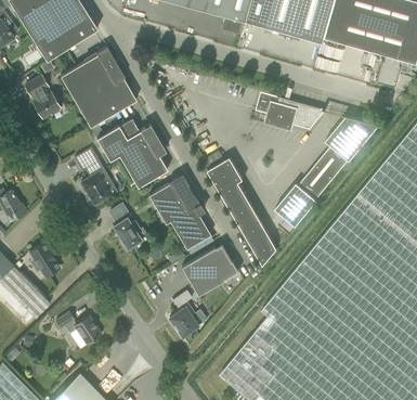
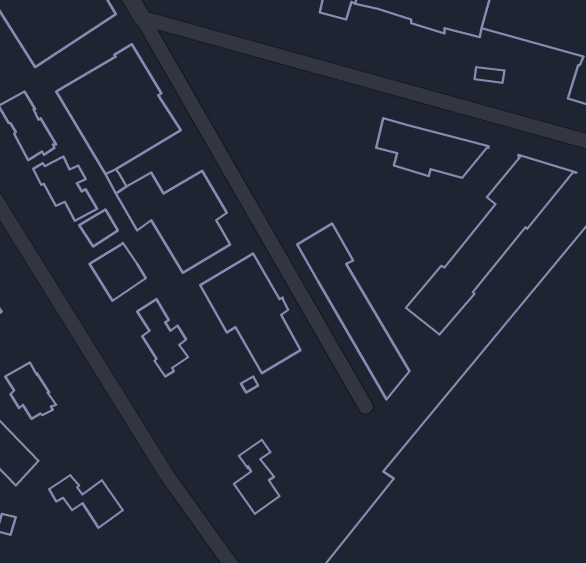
building: none -> [33,157,97,221]
building: [181,245,239,296] -> none

